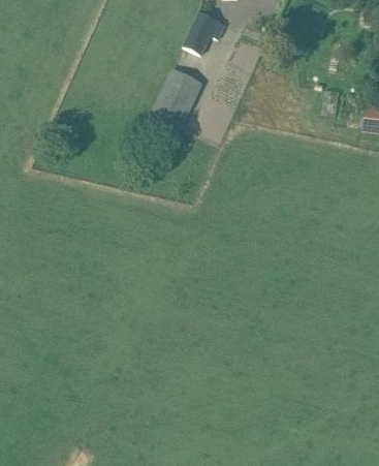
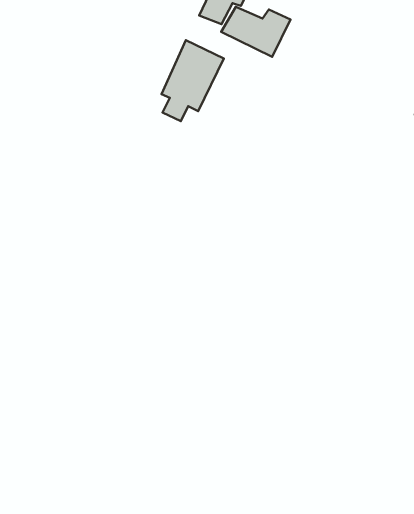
building: none -> [221,7,290,57]

